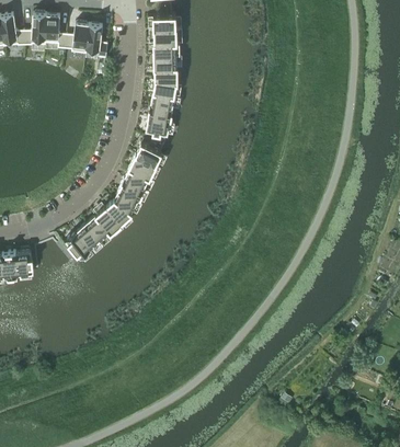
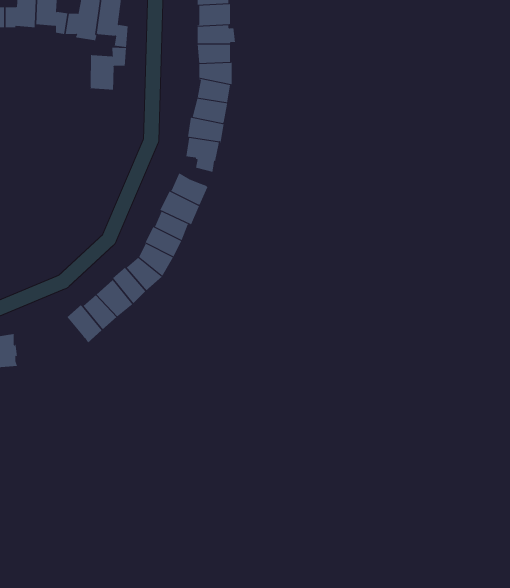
building: none -> [90,47,127,91]

